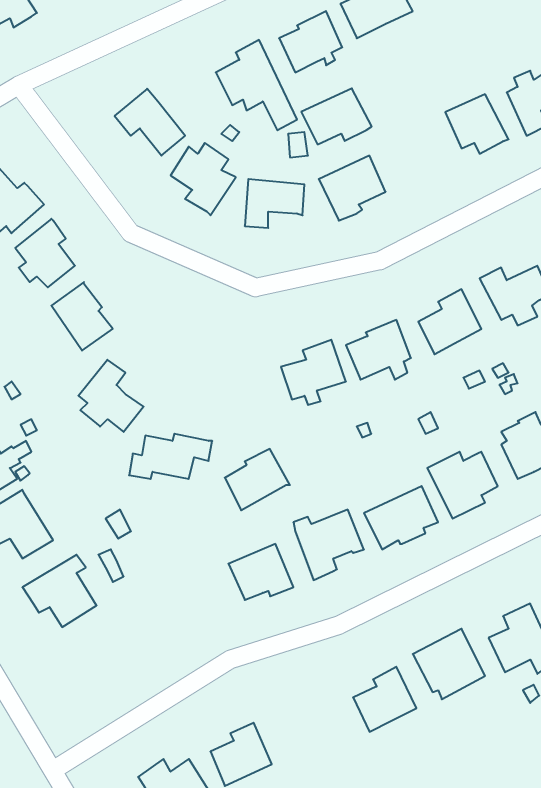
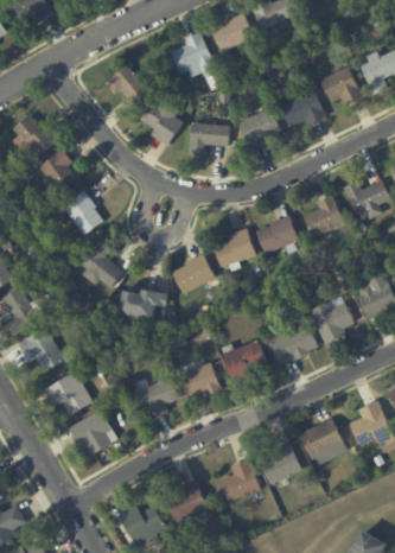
building: [301,88,372,144] -> [279,90,325,127]
building: [225,449,290,510] -> [172,254,215,294]
building: none -> [135,376,179,421]
building: none -> [68,409,112,457]
building: none -> [219,459,260,502]

